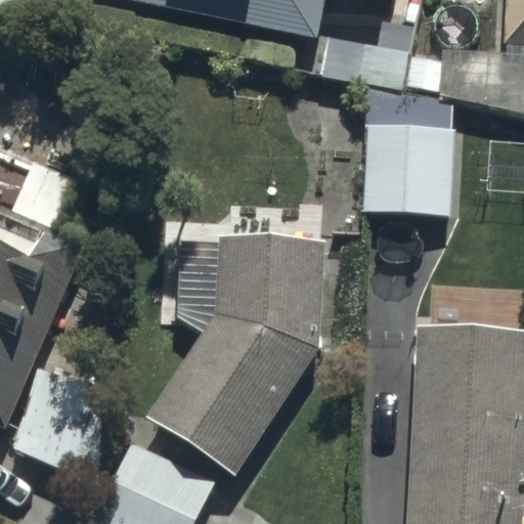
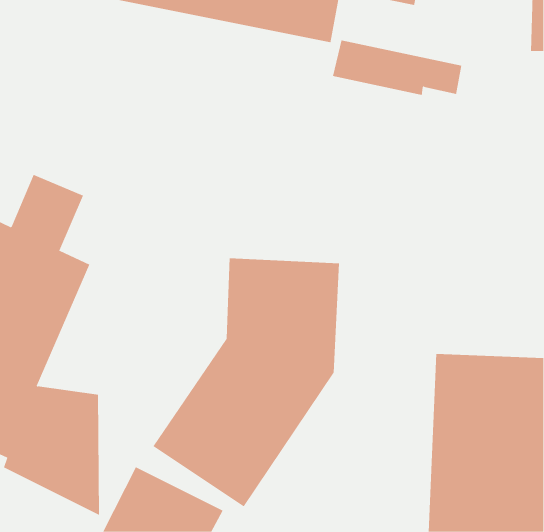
building: [364,89,452,217] -> none

